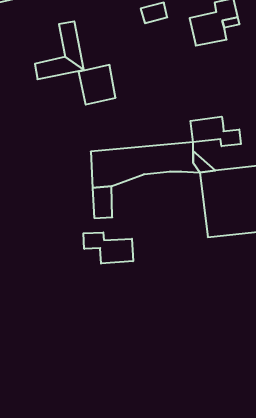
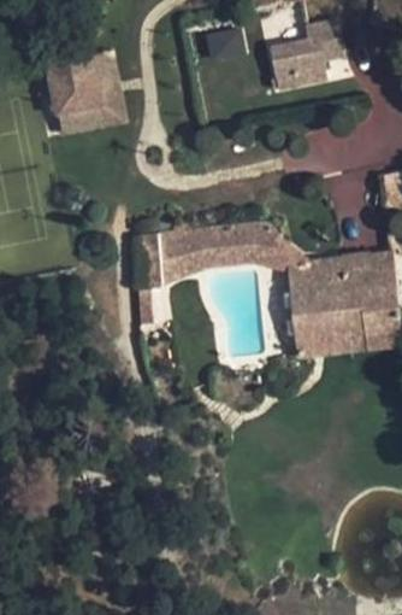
building: [79,65,116,105] -> [46,57,97,112]
building: [190,117,241,146] -> none
building: [83,232,133,264] -> none

